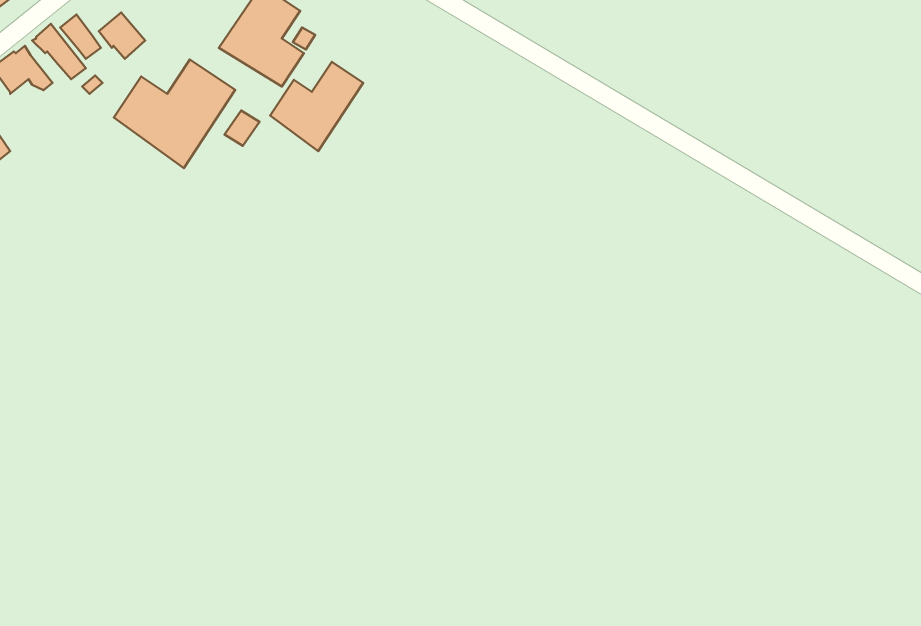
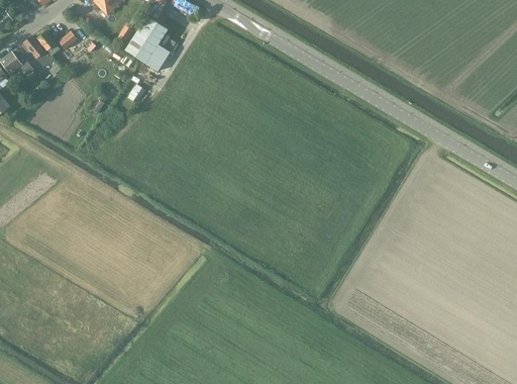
building: [114,60,235,168] -> none
building: [270,62,363,151] -> none

